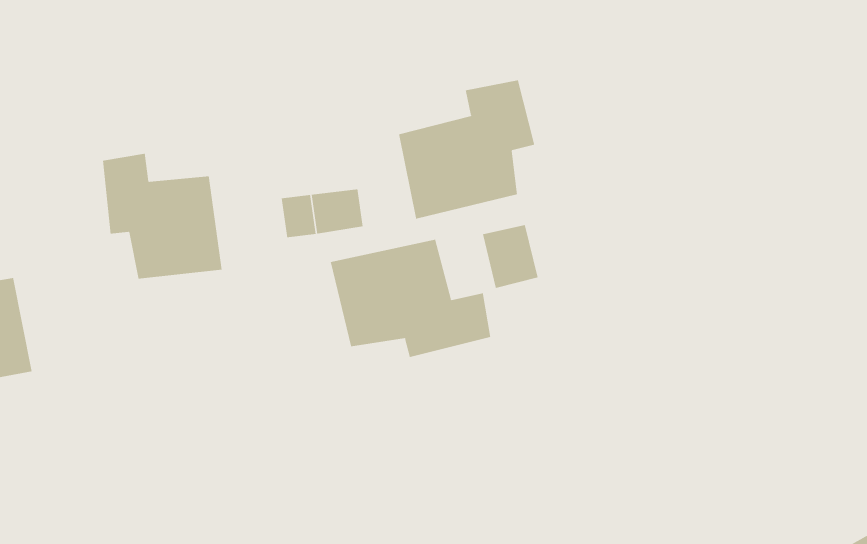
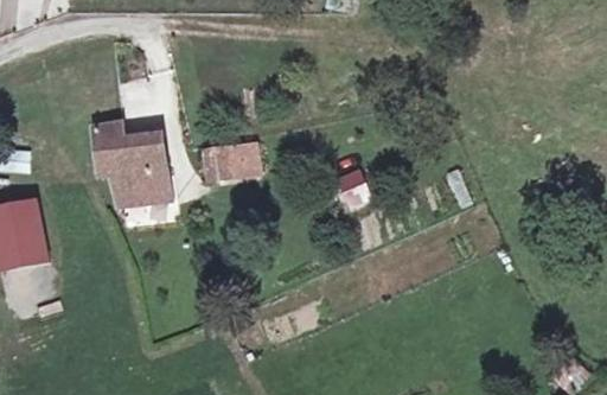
building: [398,80,535,219] -> none
building: [330,239,491,358] -> none

